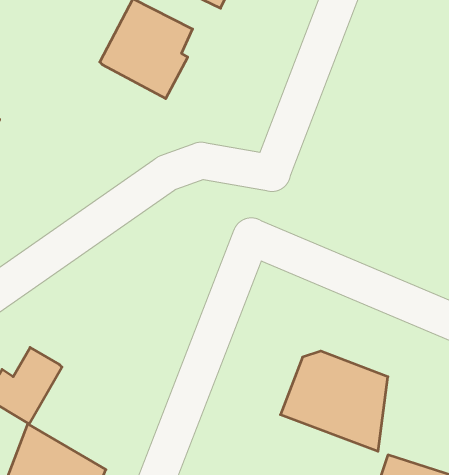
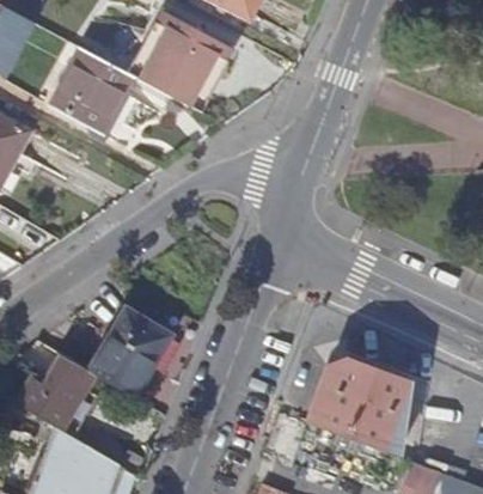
building: none -> [49,48,133,135]
building: none -> [91,310,171,397]

